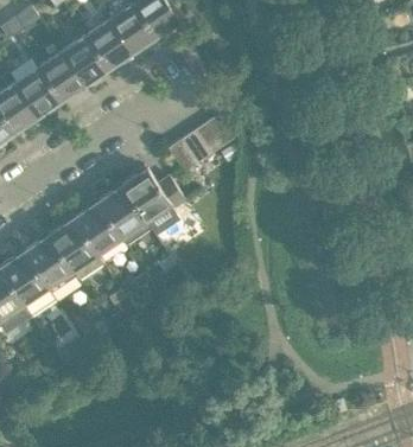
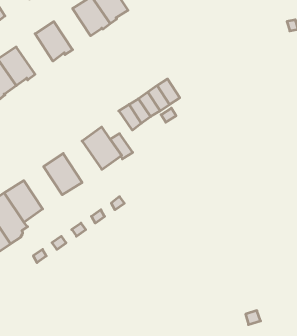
building: [85,19,132,71] -> none
building: [38,51,84,102] -> none
building: [97,186,146,238] -> none
building: [47,218,96,272] -> none

